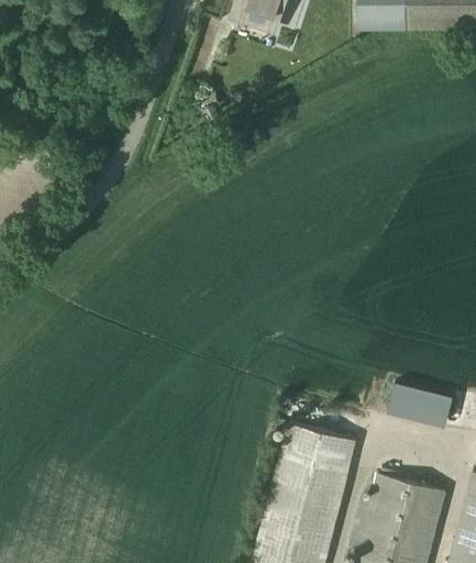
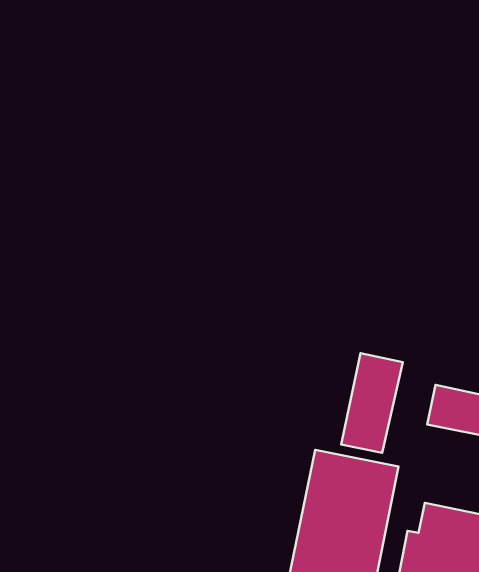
building: none -> [341,353,403,453]

